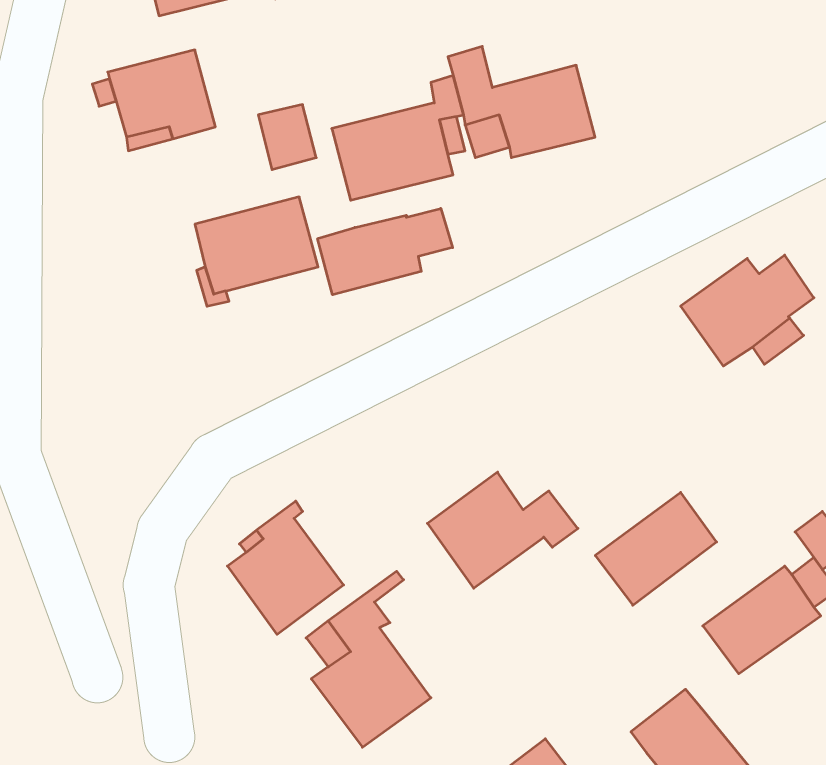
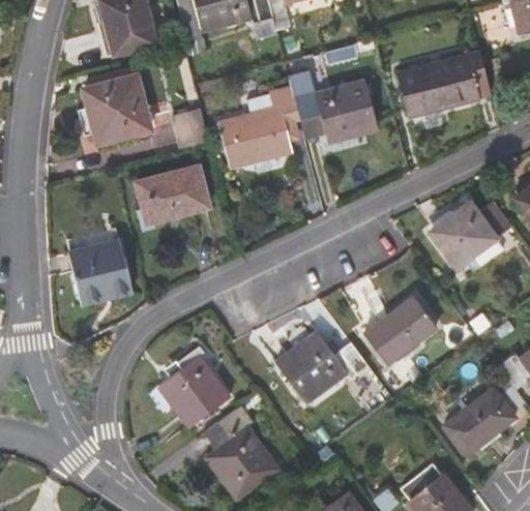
building: none -> [396,52,491,117]
building: [318,208,453,295] -> none
building: none -> [68,240,131,304]
building: [595,492,717,605] -> [363,296,437,364]

